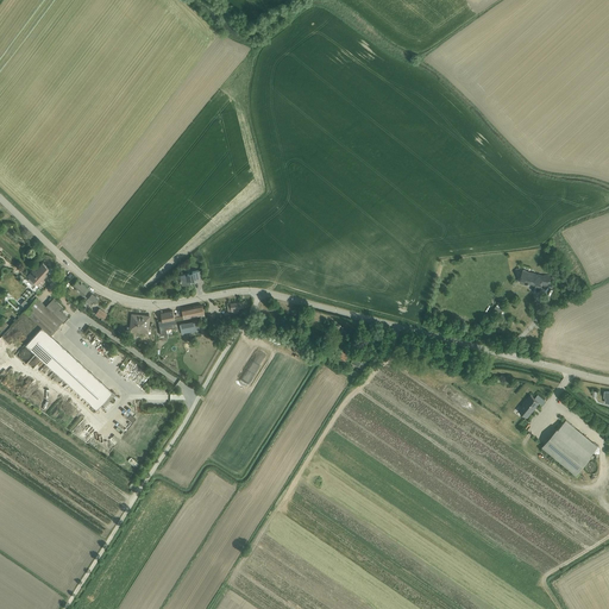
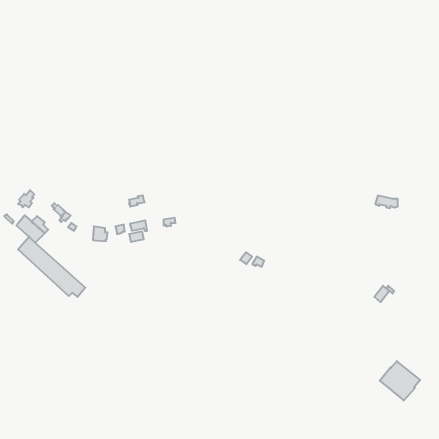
building: [541,421,597,476] -> [380,361,420,401]

